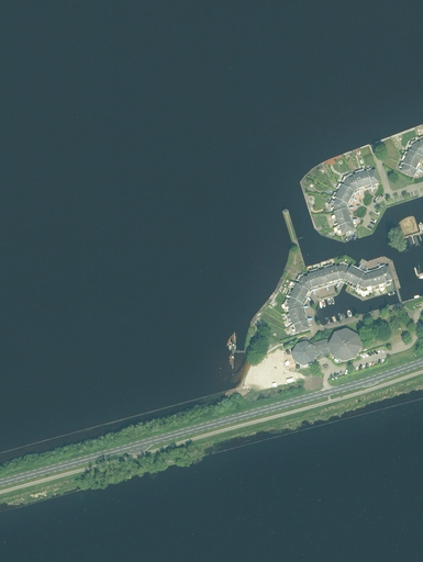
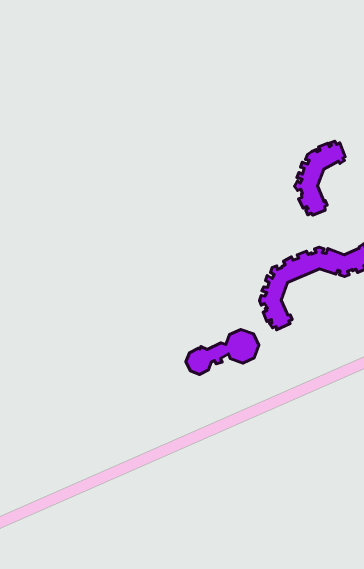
building: [292,329,360,366] -> [186,329,259,375]

